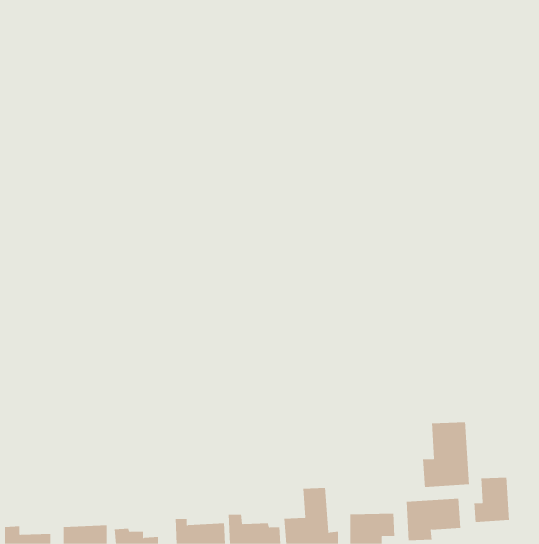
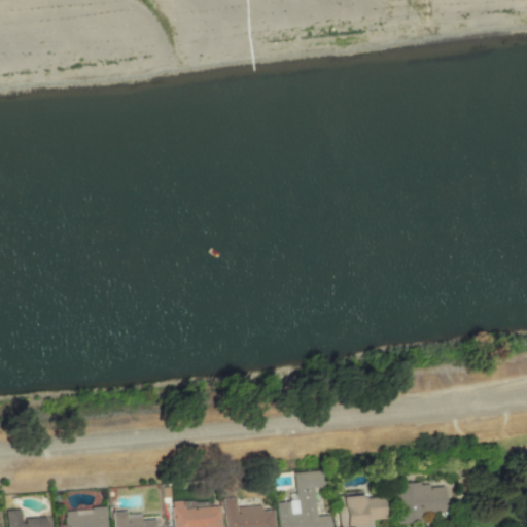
building: [422,421,469,488] -> none
building: [474,477,509,523] -> none

